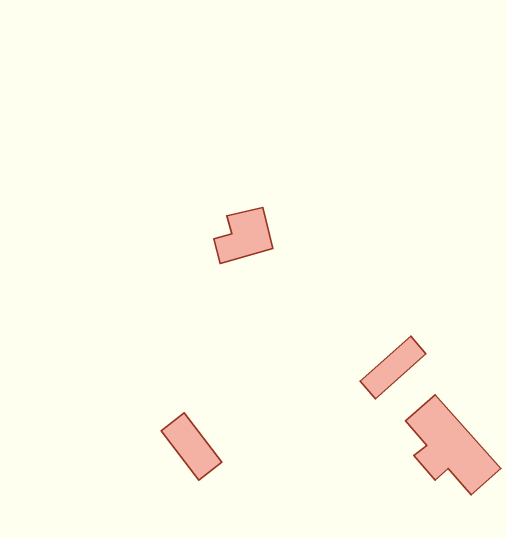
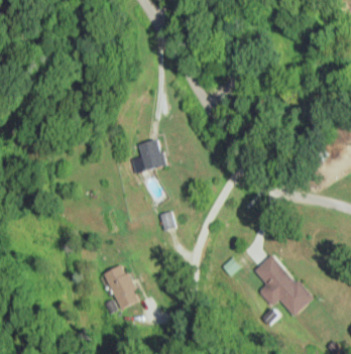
building: [360,336,426,399] -> none

